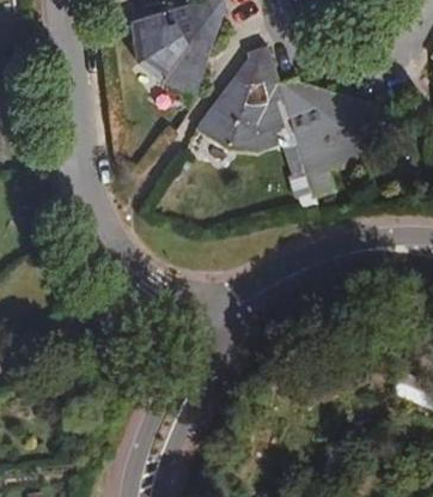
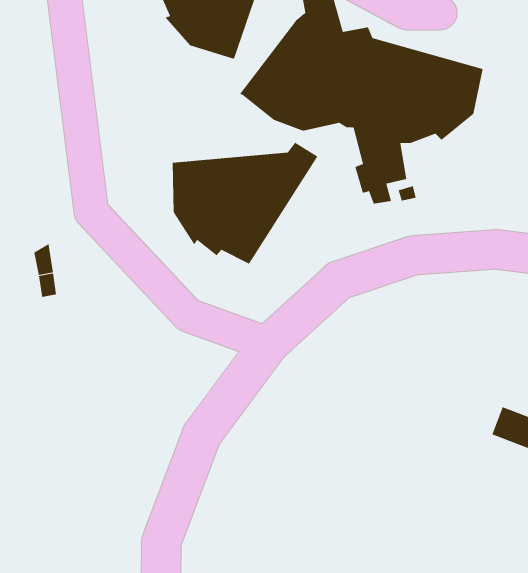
building: none -> [172,142,318,264]

